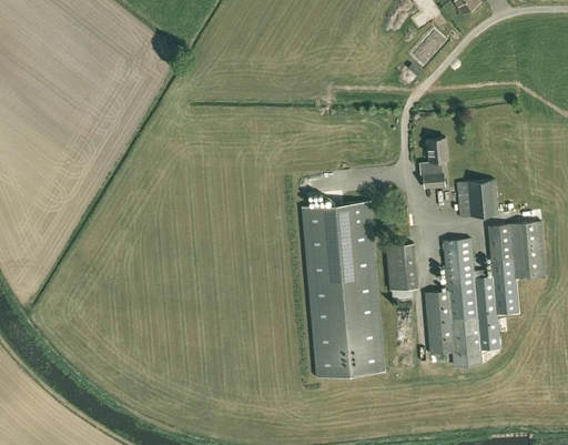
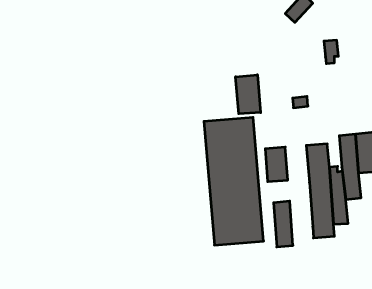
building: [427,138,447,170] -> [324,40,338,64]
building: none -> [236,75,261,114]
building: [455,180,497,216] -> none
building: [424,291,450,354] -> [274,201,293,247]

